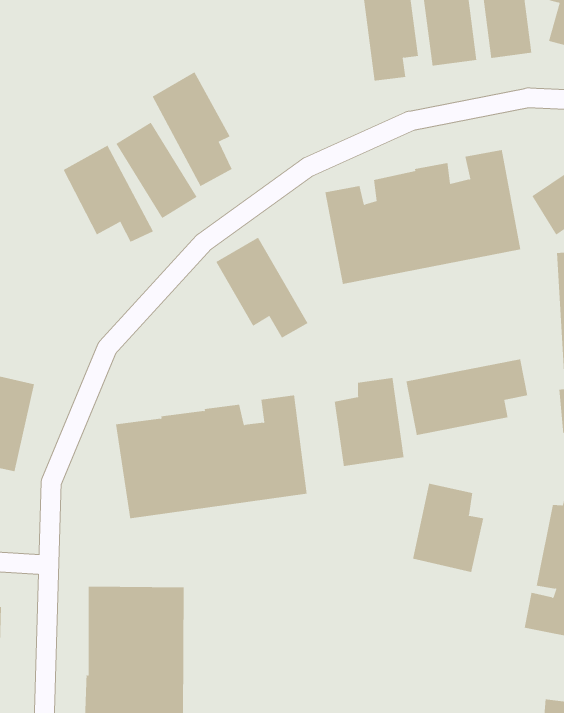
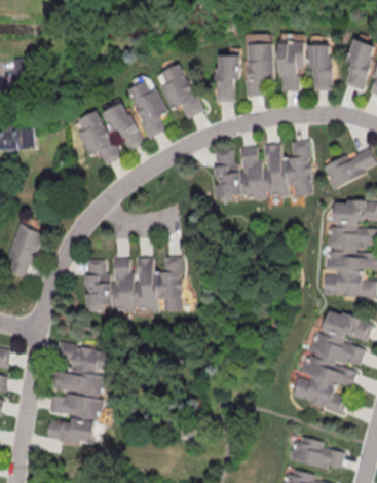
building: none -> [216,54,238,96]
building: [215,237,308,338] -> [156,63,201,118]
building: [406,359,528,436] -> none
building: [334,377,404,467] -> none
building: [413,483,484,573] -> none

